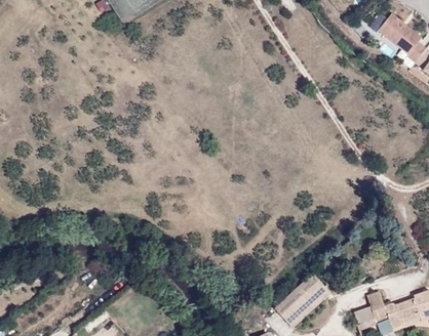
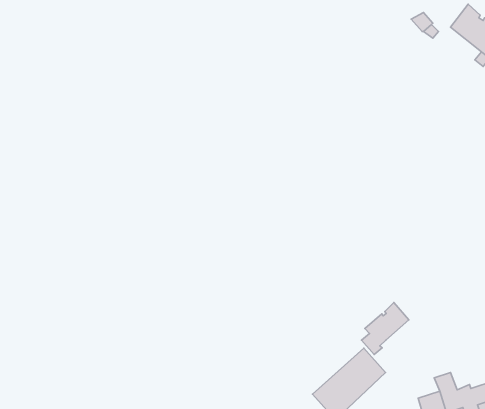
building: none -> [362,303,409,355]

